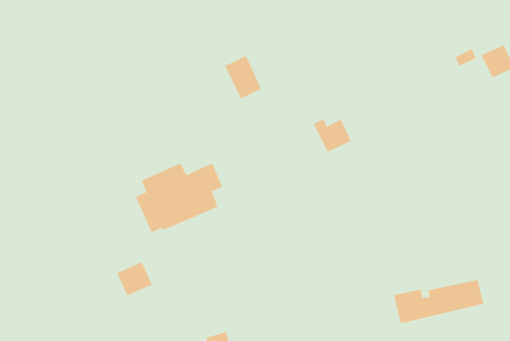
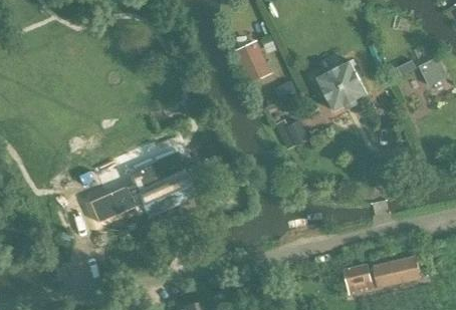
building: none -> [315,59,367,110]
building: [224,55,262,100] -> [236,42,268,80]
building: [116,261,153,297] -> [88,192,120,222]

